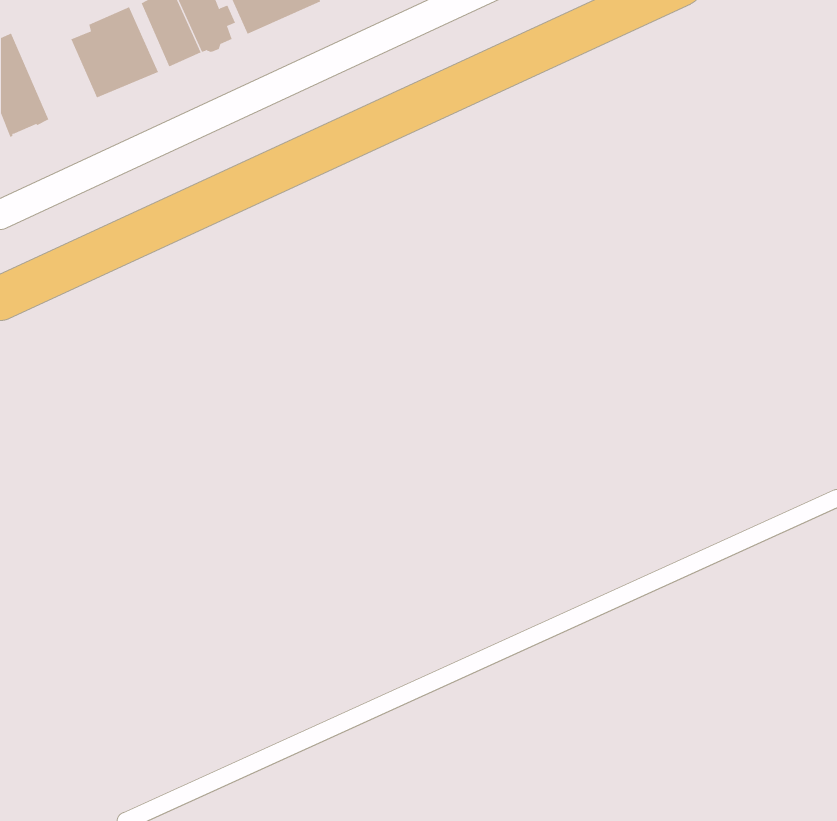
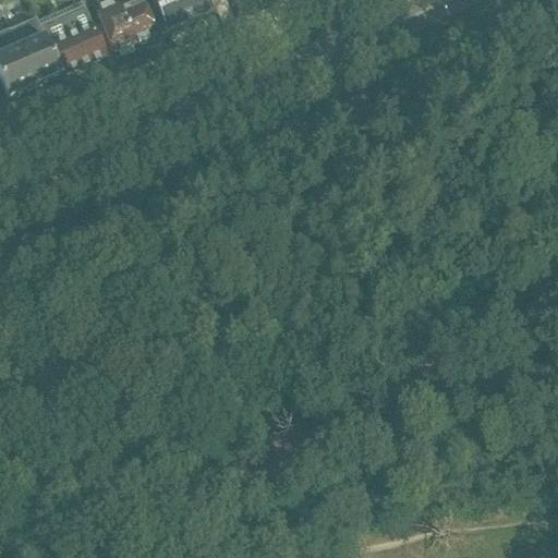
building: none -> [8,10,60,80]

